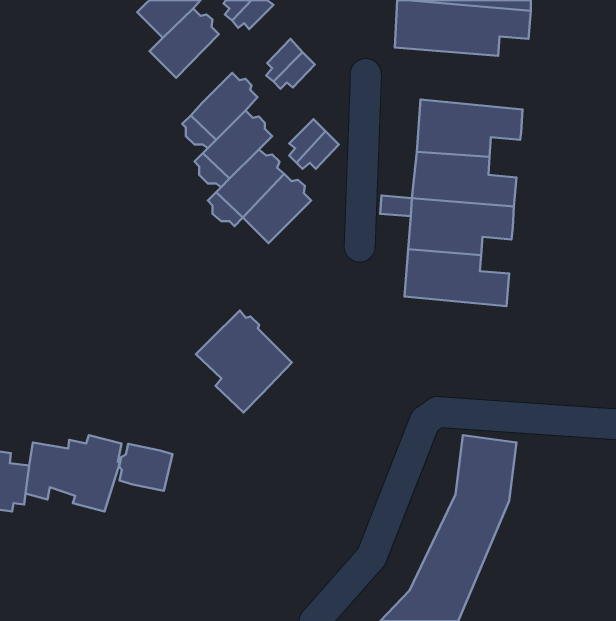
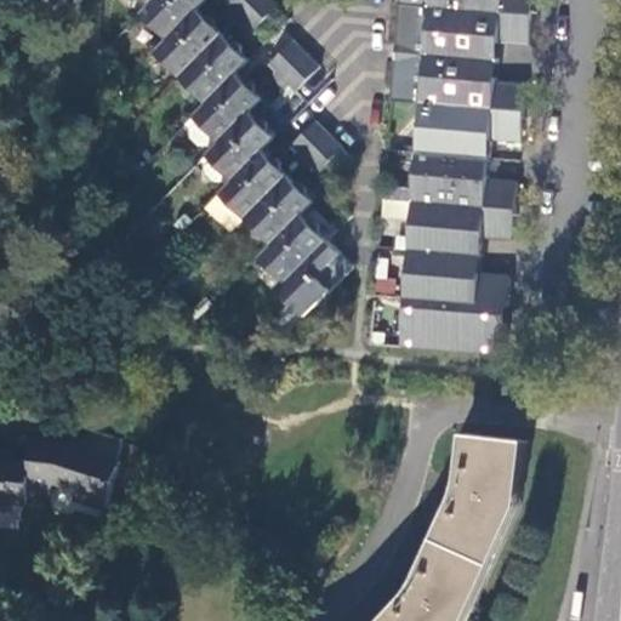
building: none -> [176,34,245,103]
building: none -> [389,47,524,109]
building: none -> [399,296,506,353]
building: [196,310,292,412] -> [255,212,351,314]
building: [119,444,172,491] -> none

